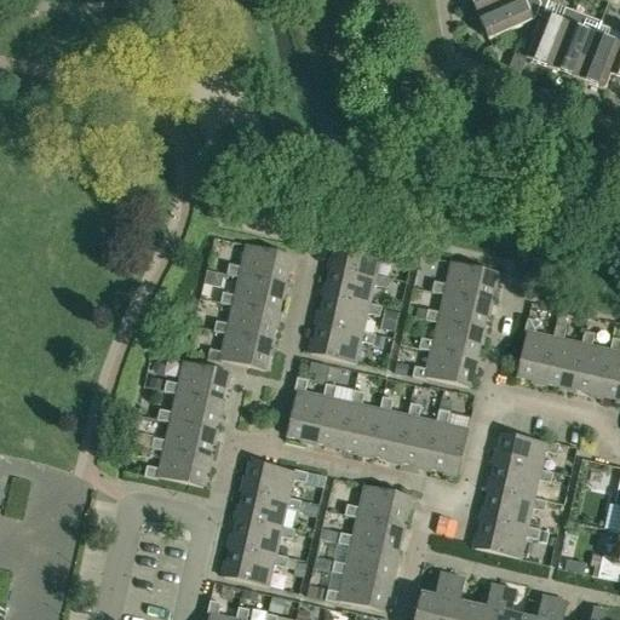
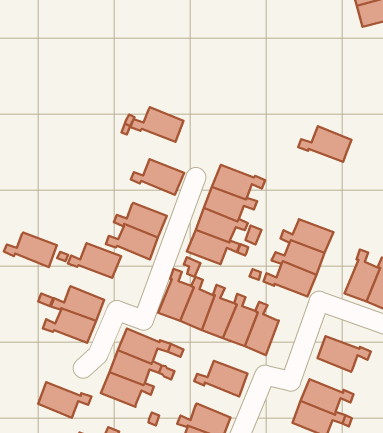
building: [430,260,495,300] -> [298,126,351,162]
building: [218,272,283,311] -> [130,107,184,142]
building: [155,390,220,429] -> [4,232,57,267]
building: [427,408,467,473] -> none
building: [487,461,551,500] -> none
building: [337,513,402,552] -> none
building: [222,546,287,586] -> [38,382,91,418]

